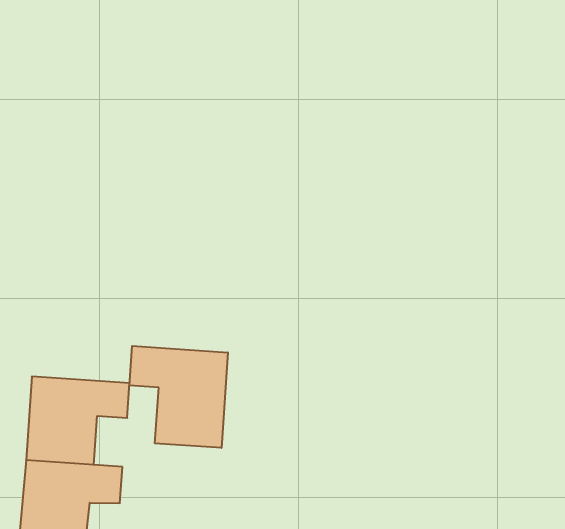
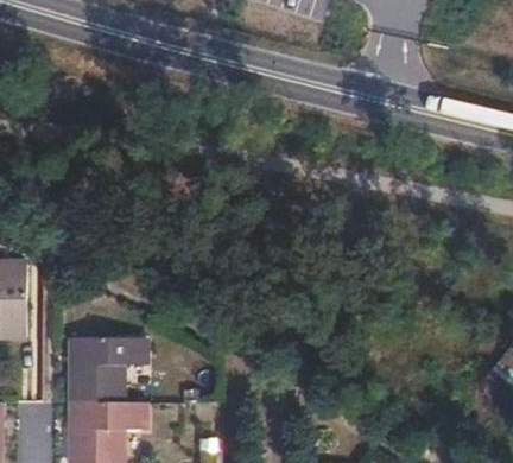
building: [129,346,228,448] -> none

